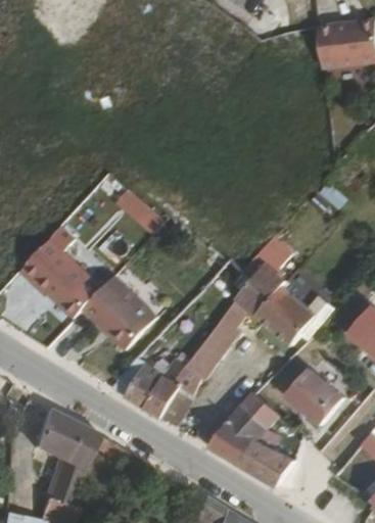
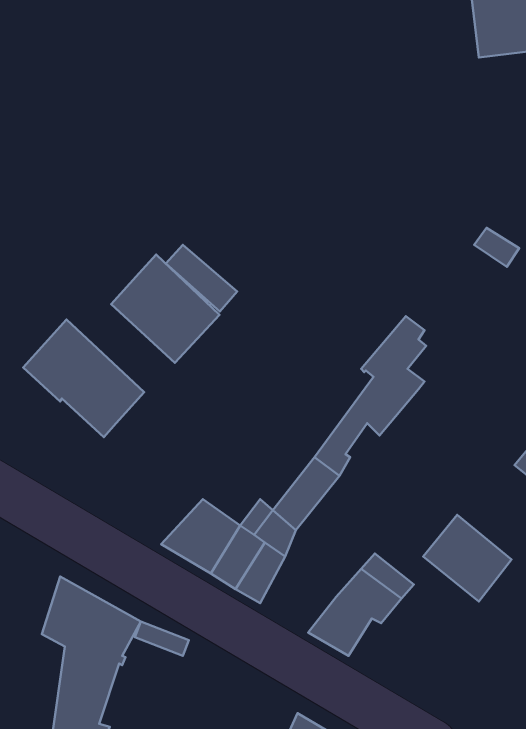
building: [82,275,153,346] -> [111,254,220,363]
building: [255,285,317,345] -> none
building: [235,436,292,486] -> none

